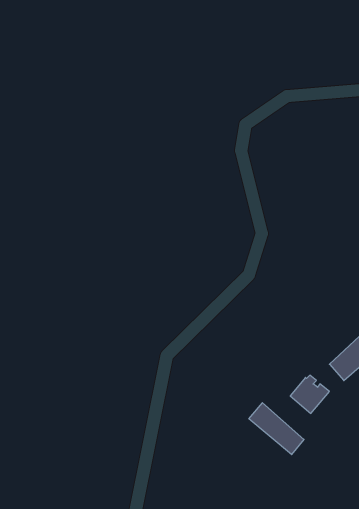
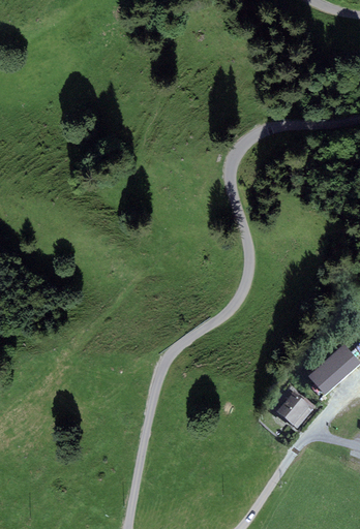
building: [249,403,304,455] -> none

